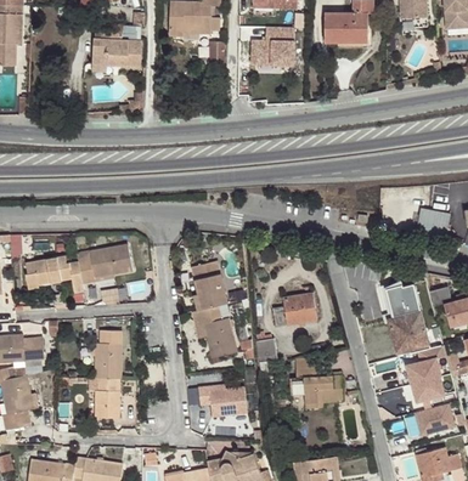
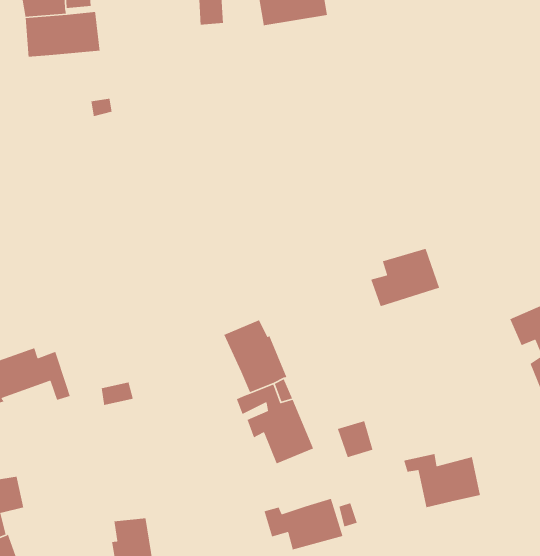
building: [77,244,131,283] -> none
building: [271,293,316,327] -> [370,248,440,307]
building: [94,329,122,379] -> none

